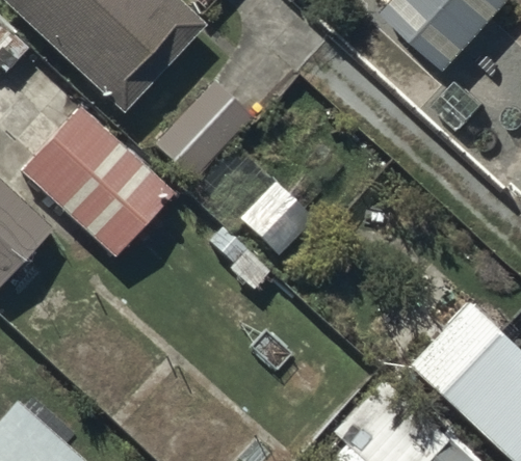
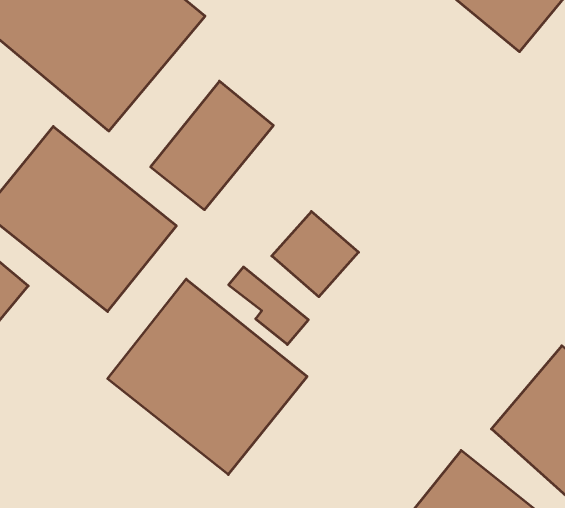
building: none -> [108,279,307,475]

